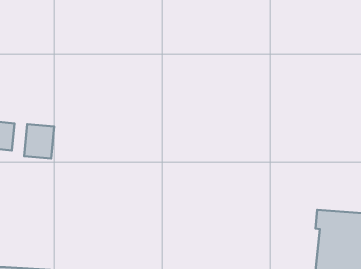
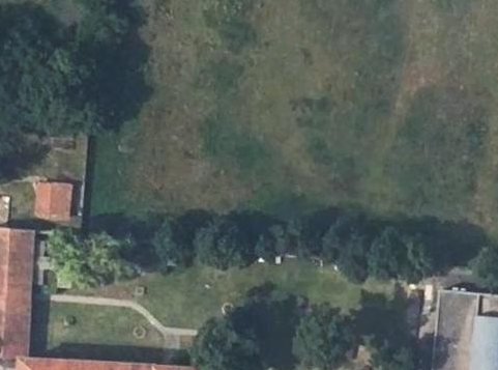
building: [24,124,54,159] -> none

